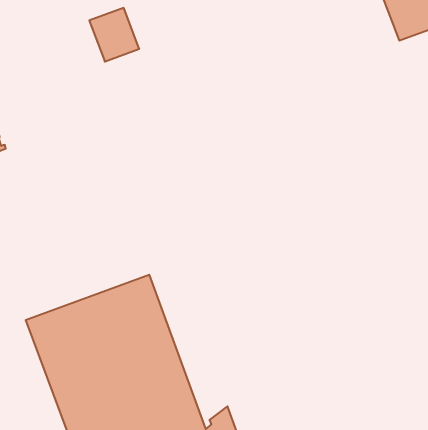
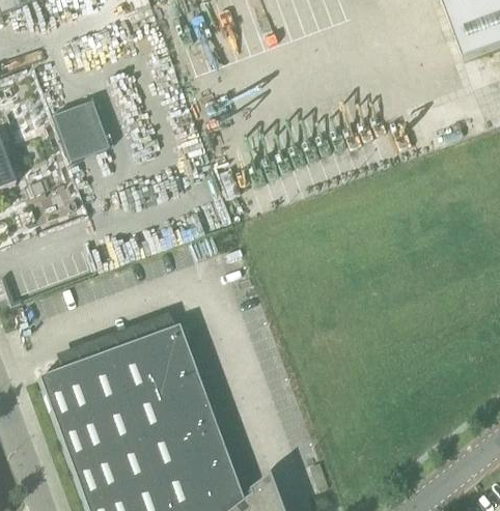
building: [89,8,139,62] -> [53,100,110,161]

